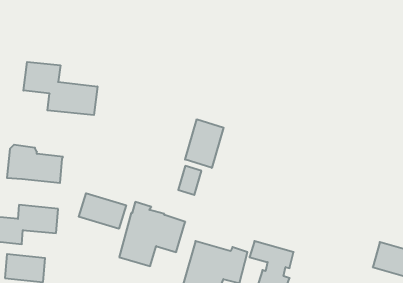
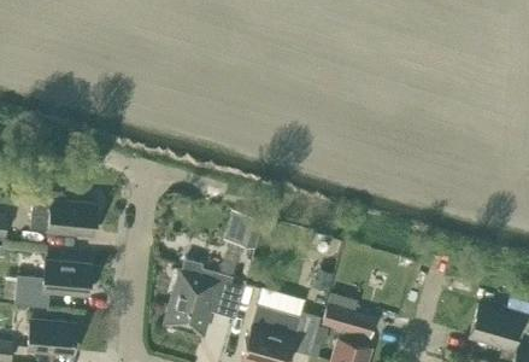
building: [23,62,97,115] -> none
building: [185,119,224,168] -> none
building: [79,193,126,229] -> none

